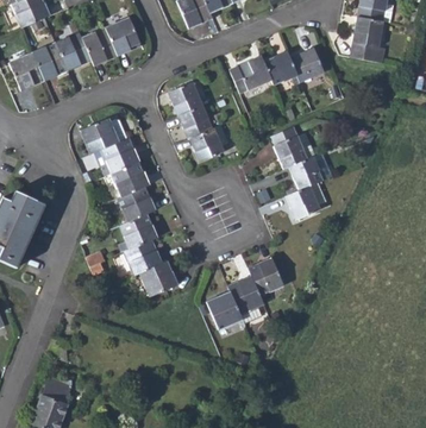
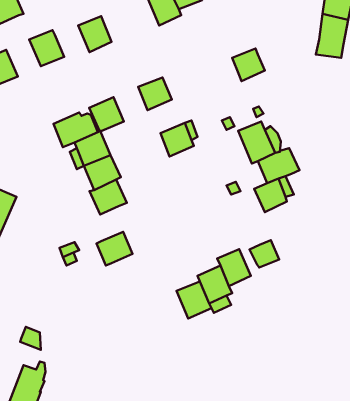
building: [82,27,118,64] -> none
building: [32,42,68,80] -> none
building: [290,48,324,81] -> none
building: [230,55,271,93] -> none
building: [177,103,213,138] -> [89,97,124,131]
building: [120,213,158,248] -> none
building: none -> [249,240,279,267]
building: [140,259,177,295] -> none

